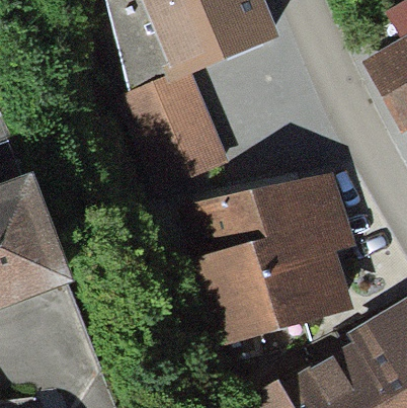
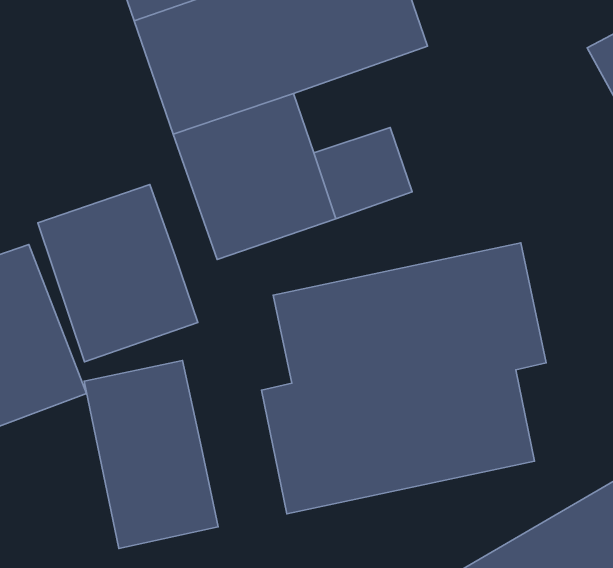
building: none -> [38,184,198,362]
building: none -> [84,360,218,549]

